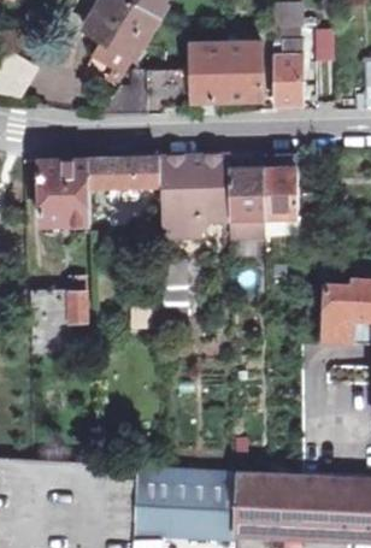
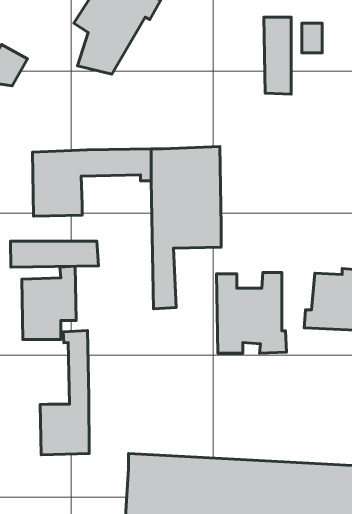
building: [102,43,263,117] -> none
building: [229,154,300,236] -> [217,273,287,353]
building: none -> [10,241,98,267]
building: none -> [40,330,89,455]

